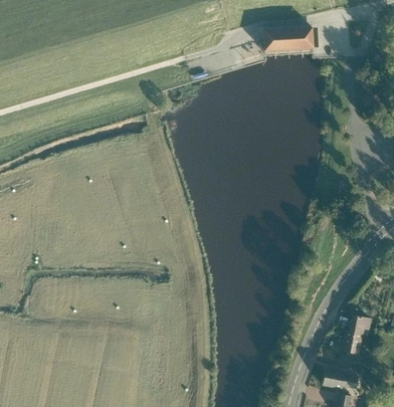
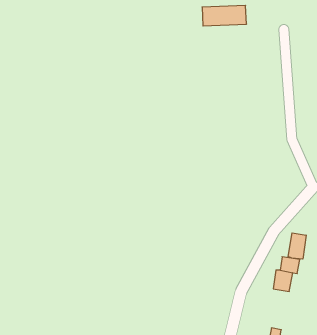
building: none -> [288,233,306,259]
building: [323,370,359,390] -> none

